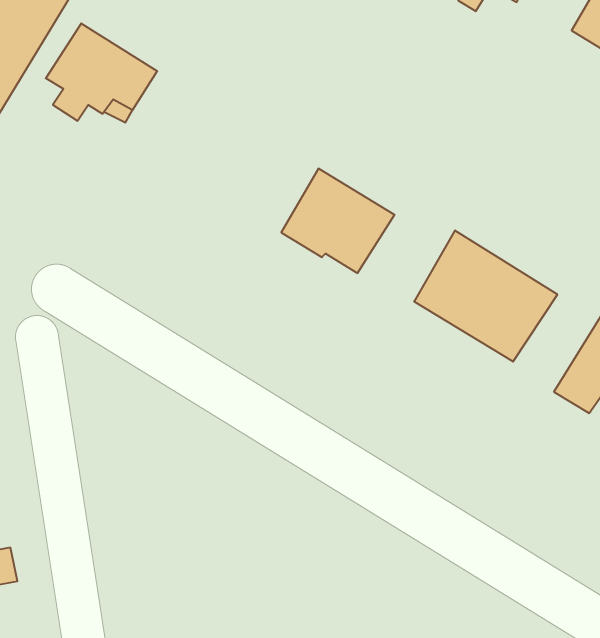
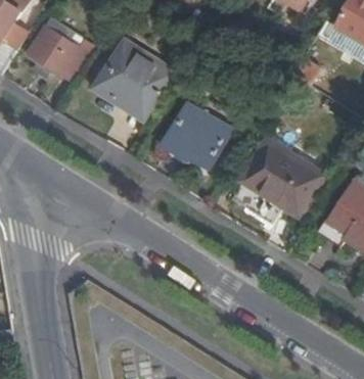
building: none -> [92,36,176,120]

